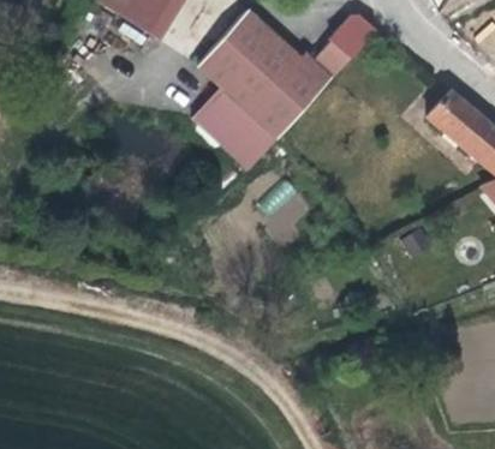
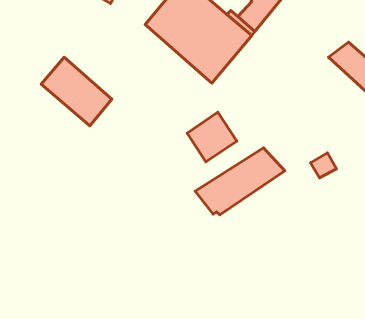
building: [197,88,282,170] -> [41,57,112,126]
building: none -> [195,148,285,215]

